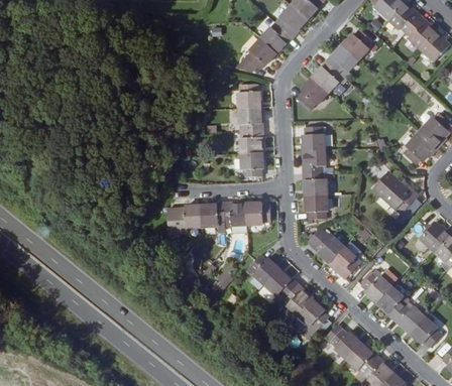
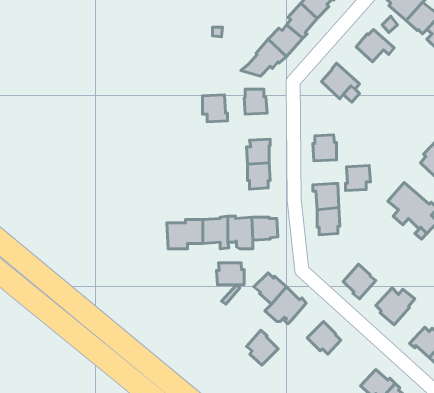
building: [325,44,358,79] -> none
building: [297,77,328,109] -> none
building: [240,106,263,131] -> [203,95,228,122]
building: [303,149,326,172] -> [345,166,370,191]
building: [307,228,345,263] -> none
building: none -> [216,263,244,285]
building: [284,282,313,314] -> [247,330,278,365]
building: [378,286,411,319] -> none
building: [326,324,361,359] -> none

